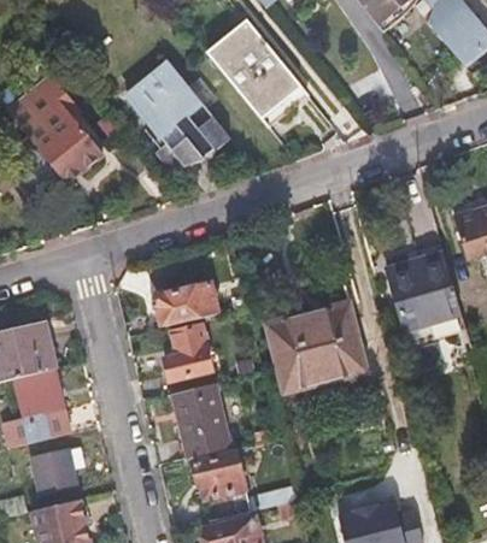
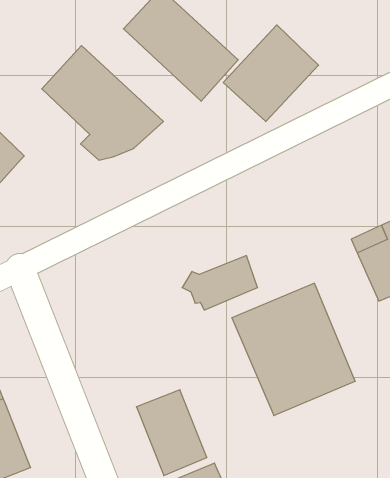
building: none -> [223,25,319,122]
building: [148,282,216,325] -> [182,256,258,310]
building: [163,324,210,379] -> none

